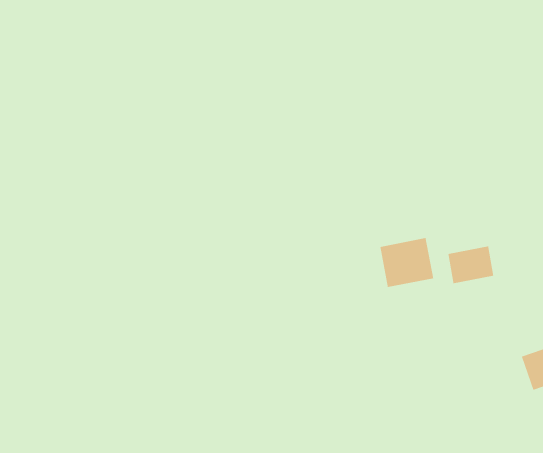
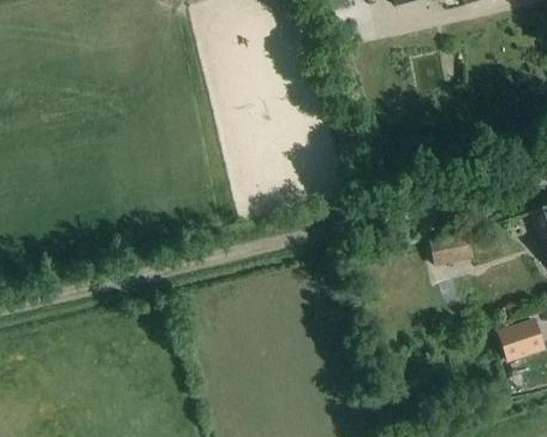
building: [379,237,434,288] -> none

